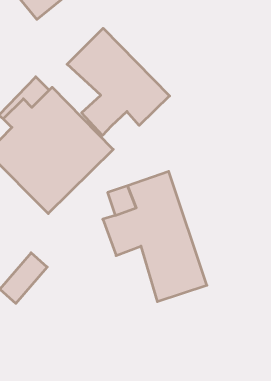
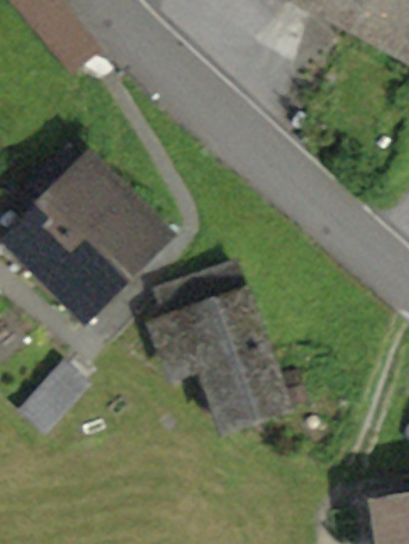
building: [67,28,170,135] -> none

